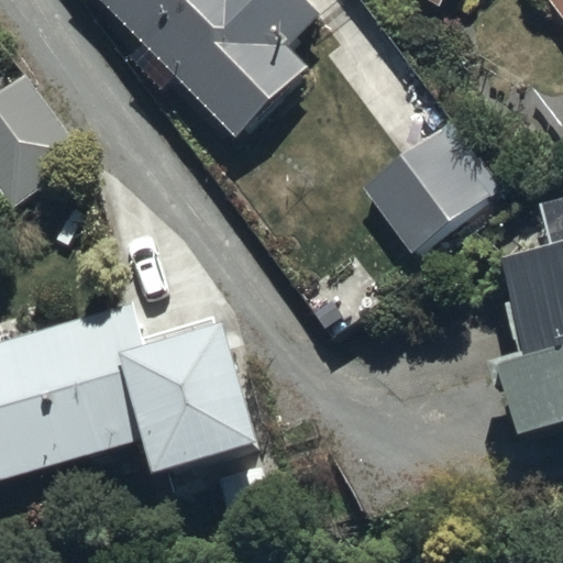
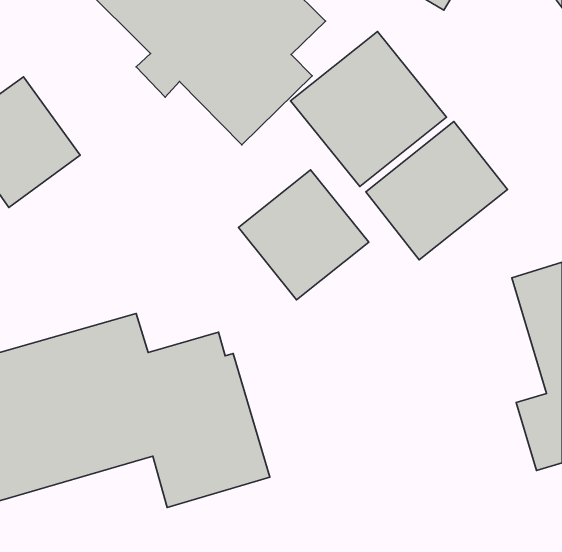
building: none -> [291,32,446,186]
building: none -> [238,170,369,300]

